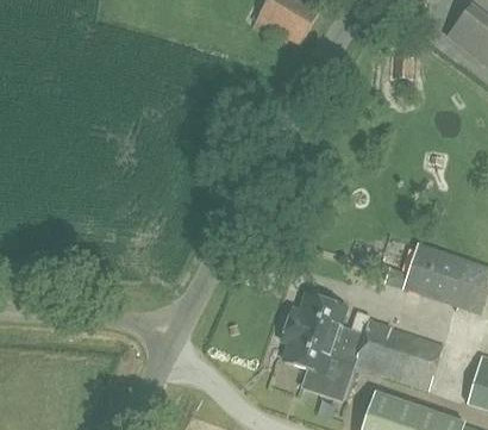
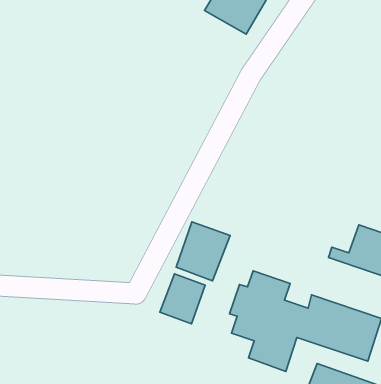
building: none -> [176,222,230,281]
building: none -> [160,274,205,324]

